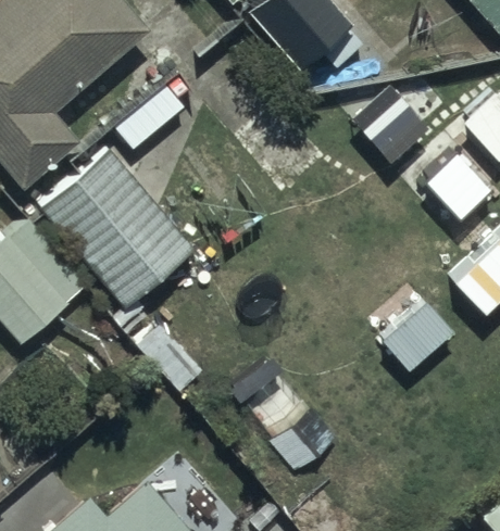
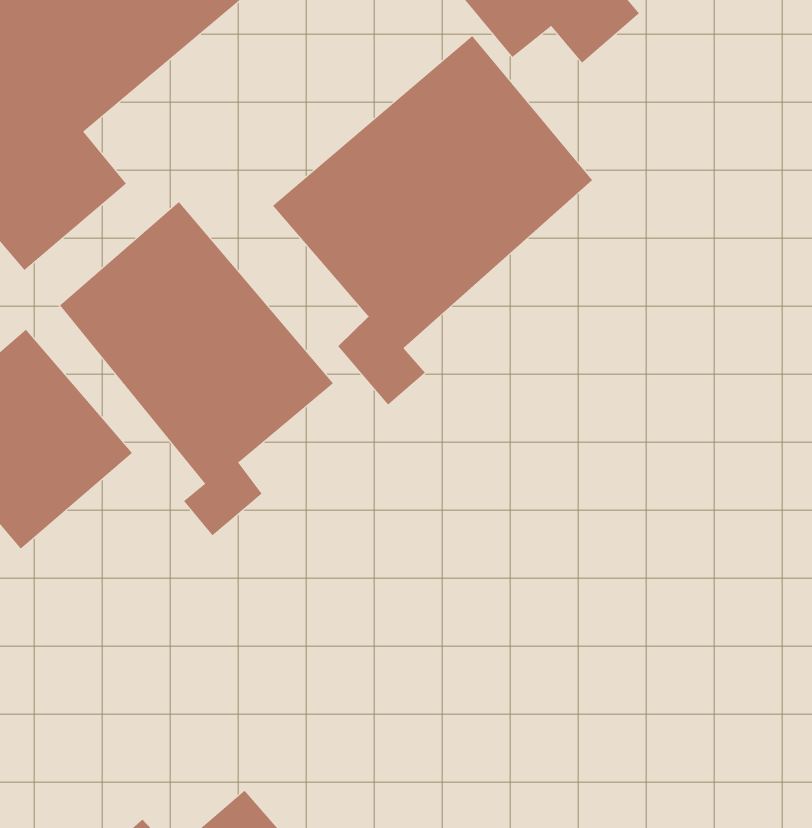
building: none -> [272,35,593,406]

